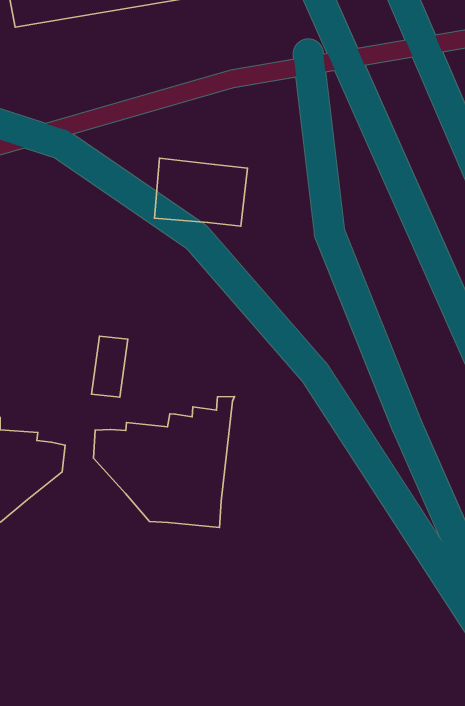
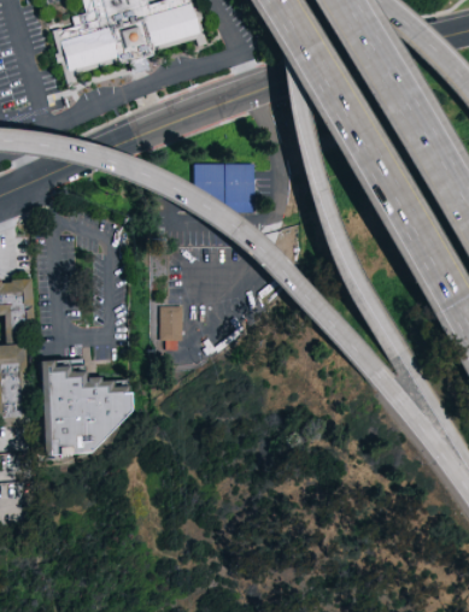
building: [93,396,235,528] -> none

